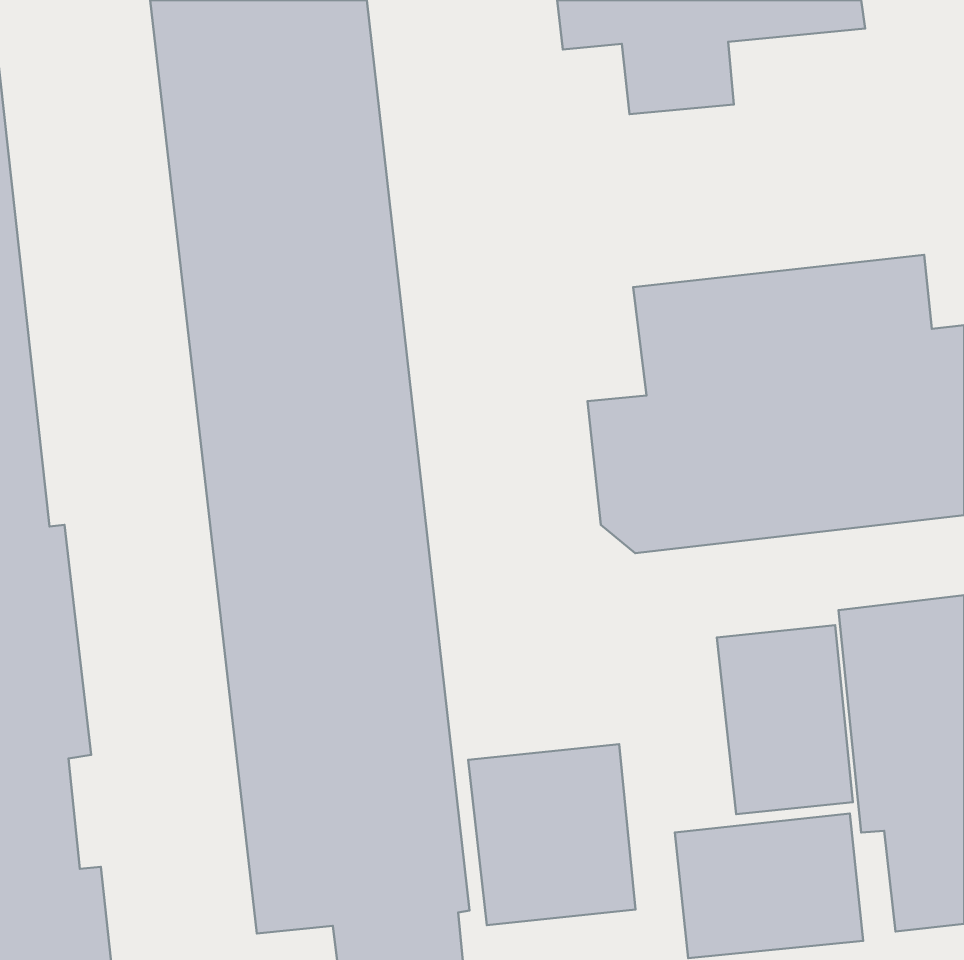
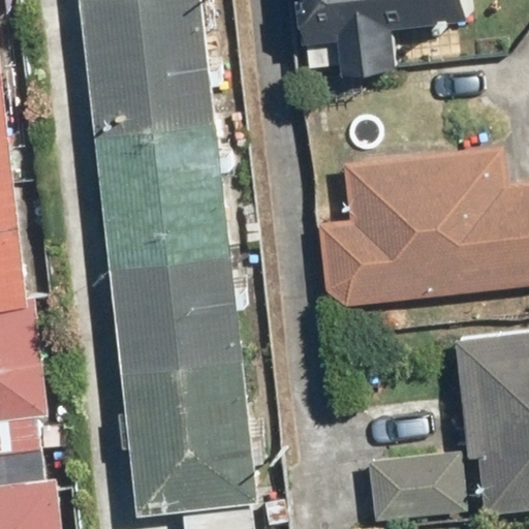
building: [717,625,853,814] -> none
building: [468,744,635,925] -> none

